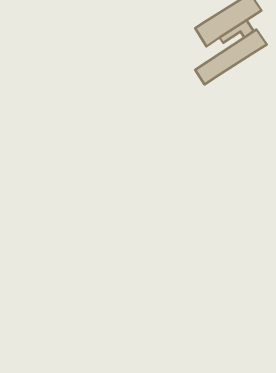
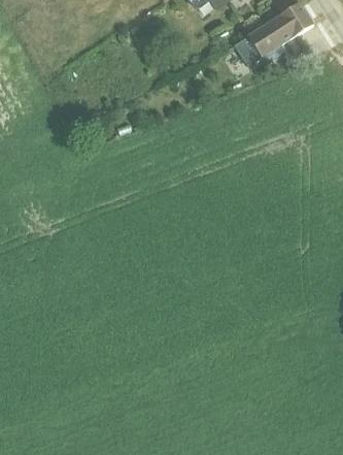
building: [195,29,267,84] -> none

